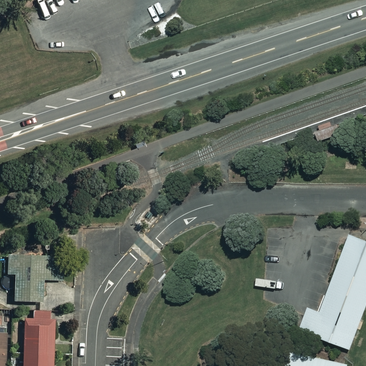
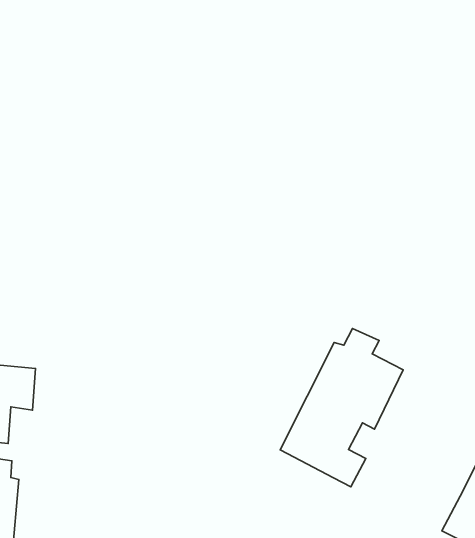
building: none -> [280,329,403,487]

